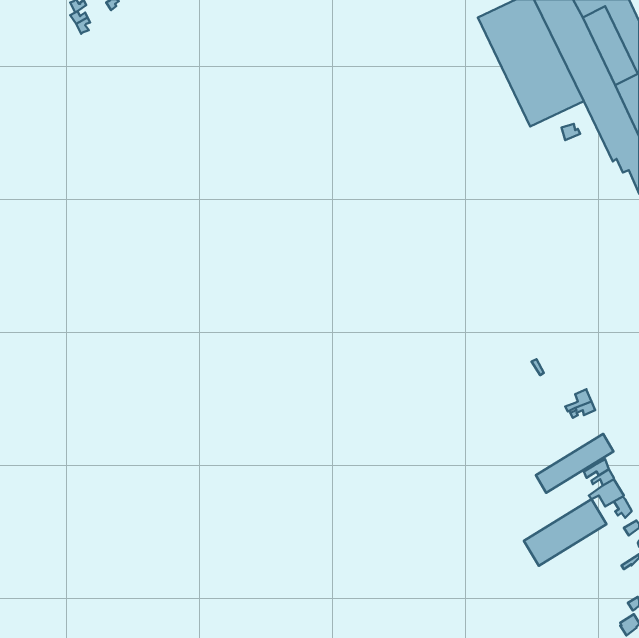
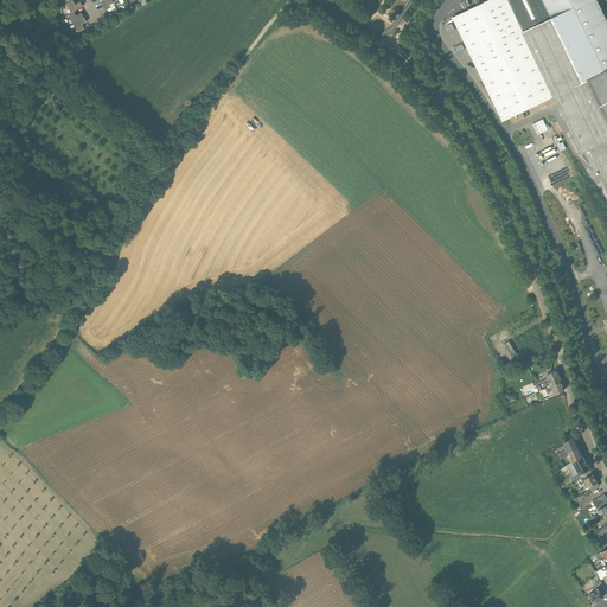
building: [536,434,614,493] -> none
building: [524,499,606,566] -> none

